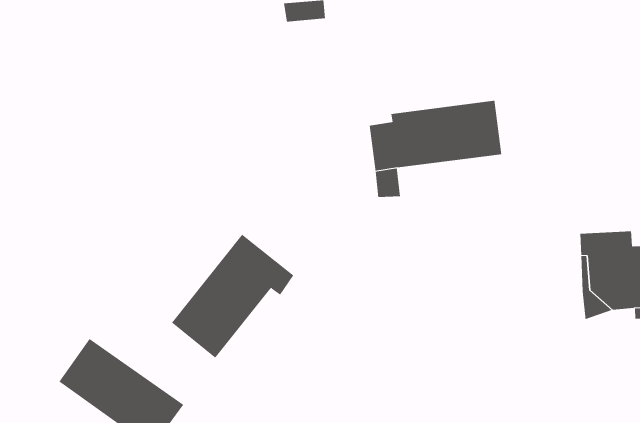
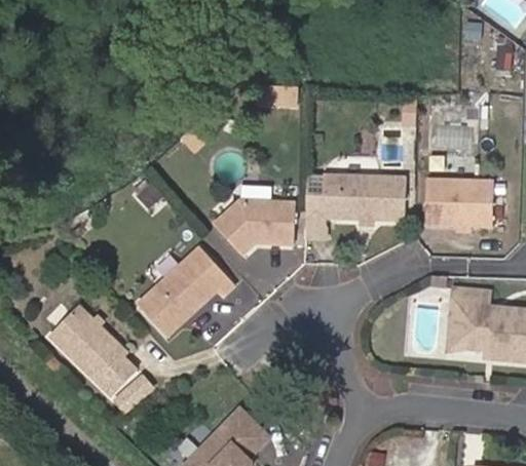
building: none -> [425,178,493,222]
building: none -> [216,200,295,255]

